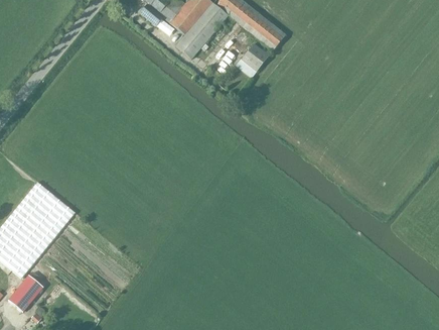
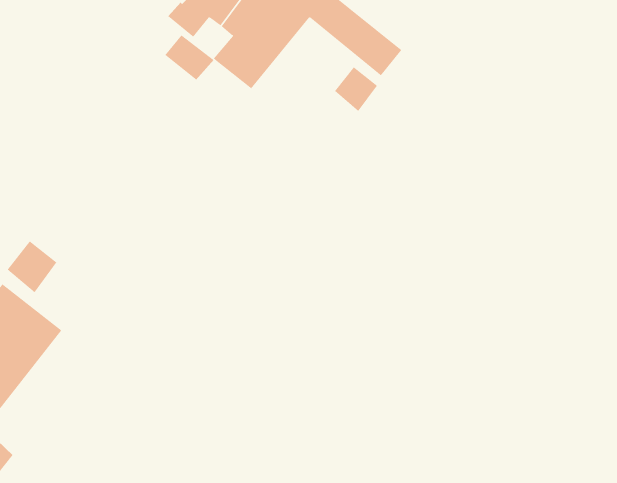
building: none -> [165,34,215,81]
building: none -> [7,241,57,293]

